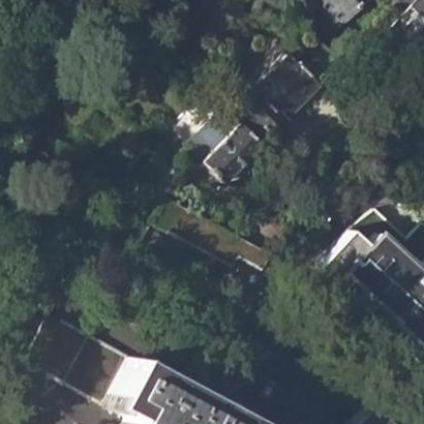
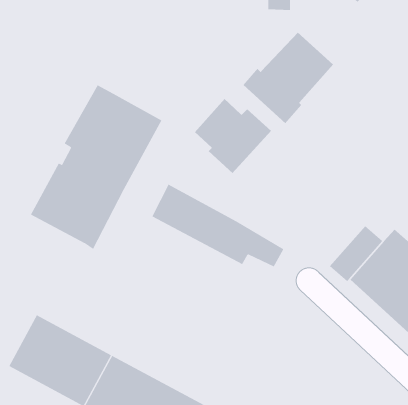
building: none -> [30,84,162,250]

